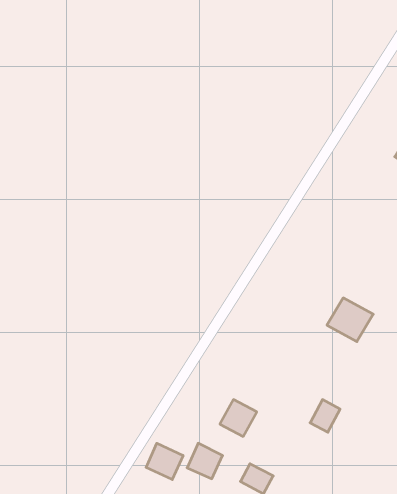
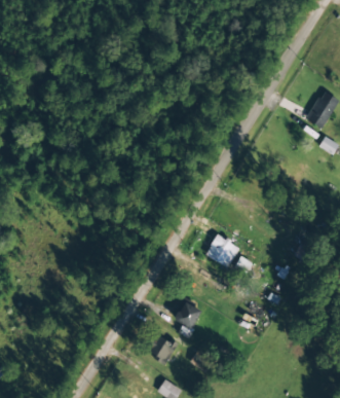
building: [327,298,373,342] -> [205,234,240,267]
building: [146,443,183,480] -> none

